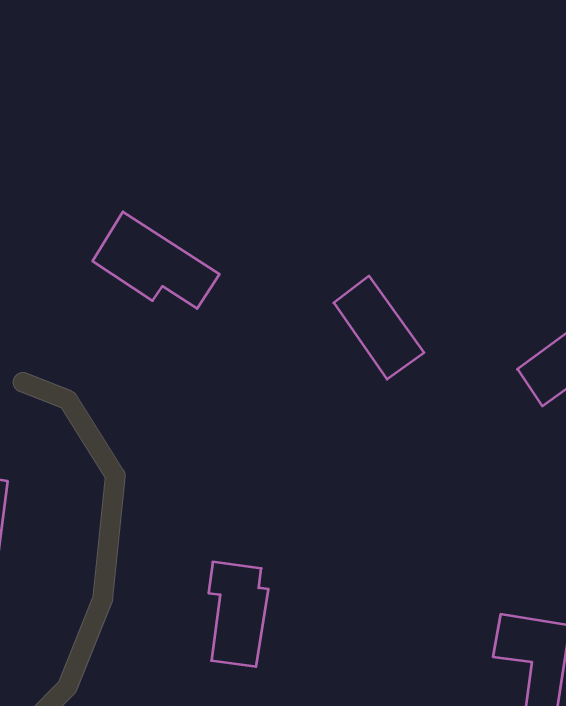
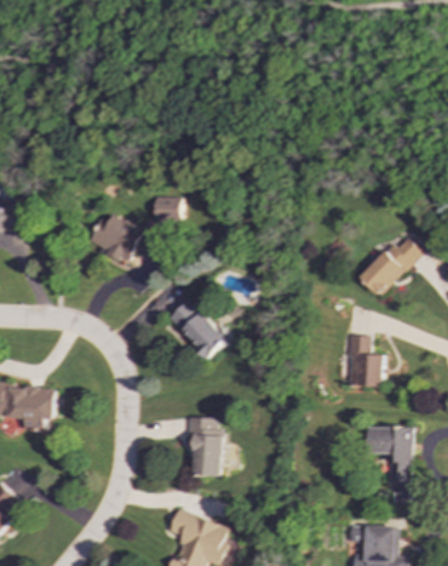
building: none -> [154,196,179,230]
building: [334,276,424,379] -> [168,297,228,359]
building: none -> [345,335,381,387]

